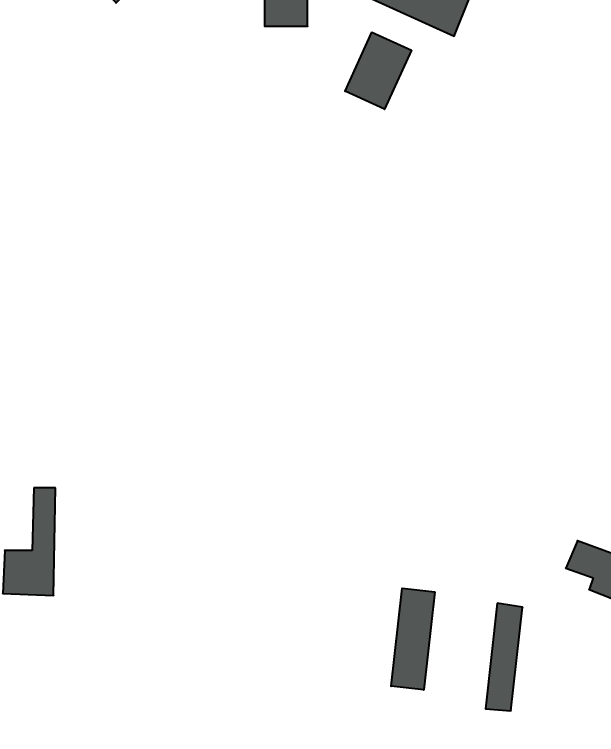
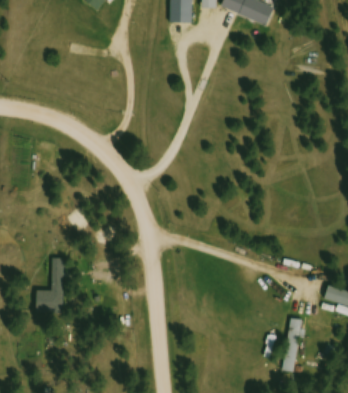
building: [345,32,411,109] -> none
building: [391,588,435,690] -> none

